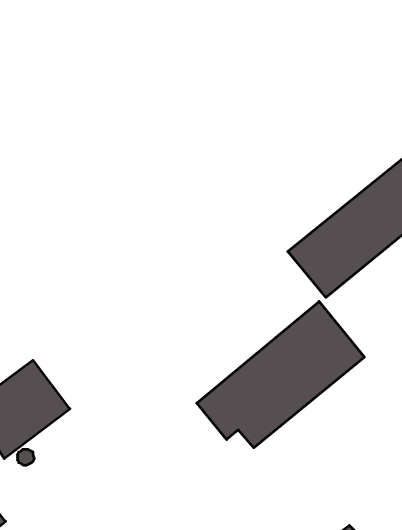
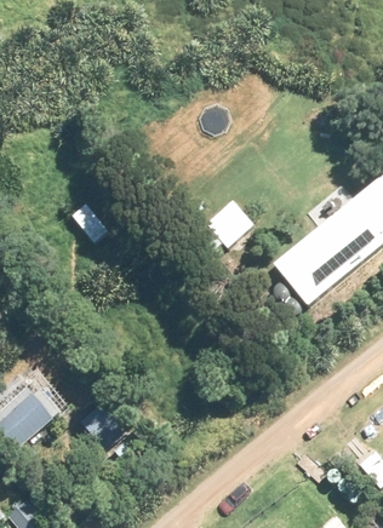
building: [197,301,364,448] -> none

